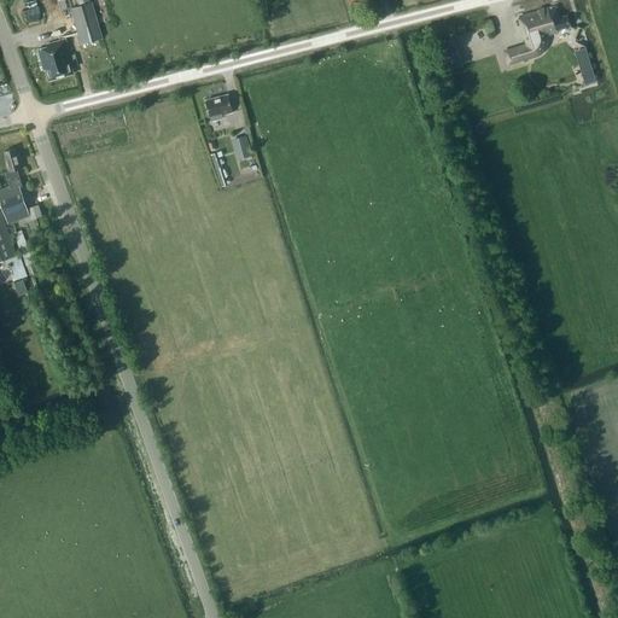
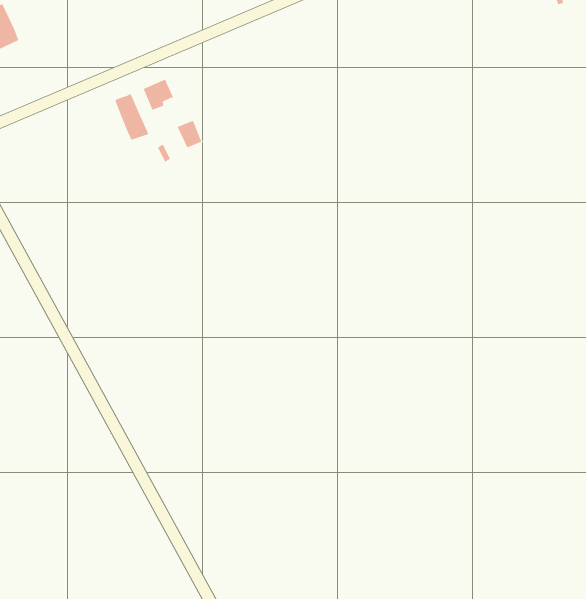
building: none -> [115,93,149,141]

